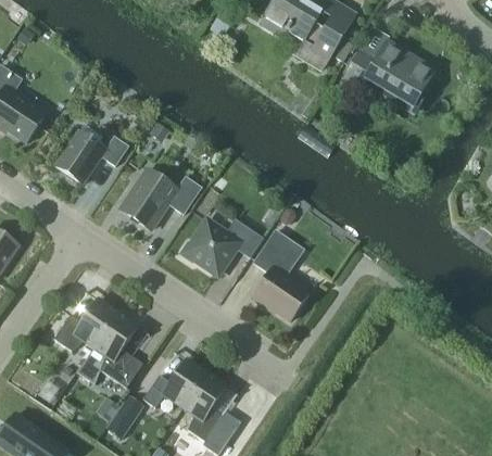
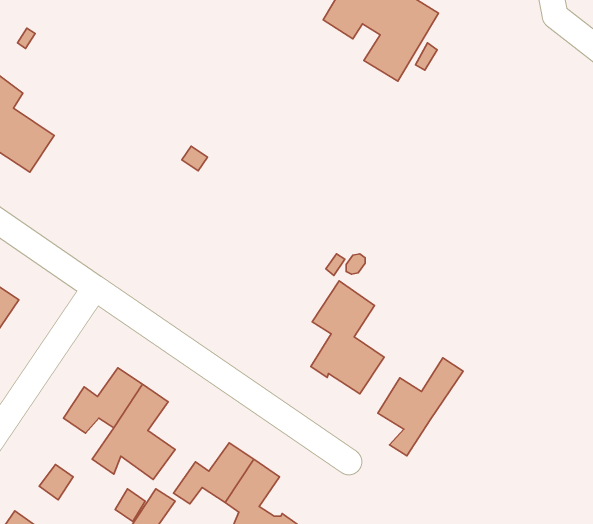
building: [343,40,436,114] -> none
building: [55,130,128,182] -> none
building: [121,168,201,229] -> none
building: [180,218,263,275] -> none
building: none -> [378,358,463,456]

